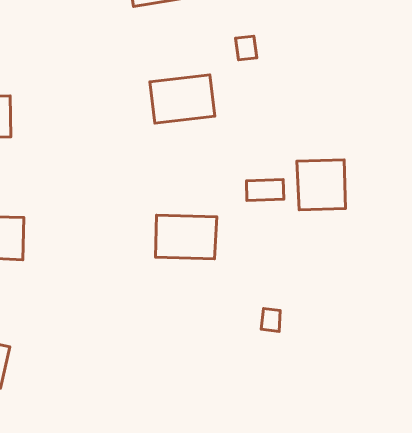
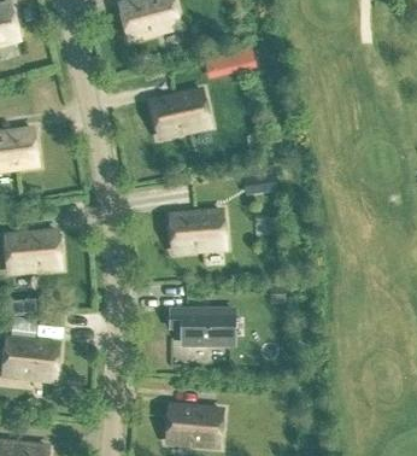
building: [297,160,346,210] -> none
building: none -> [169,309,233,343]

